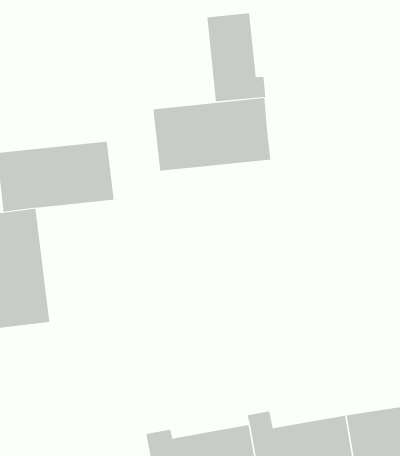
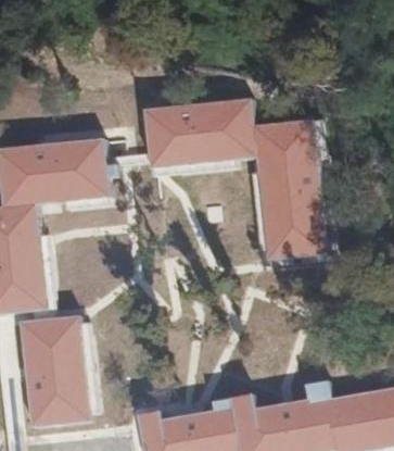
building: [207,12,266,102] -> none
building: none -> [253,118,323,260]
building: none -> [20,317,90,428]

